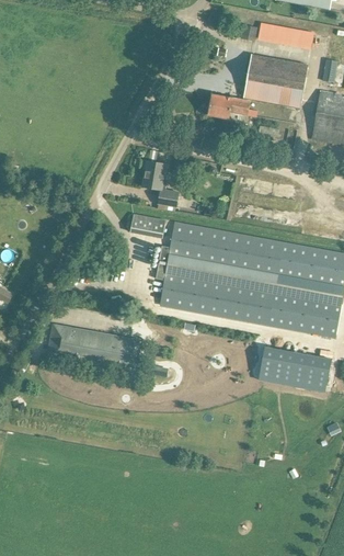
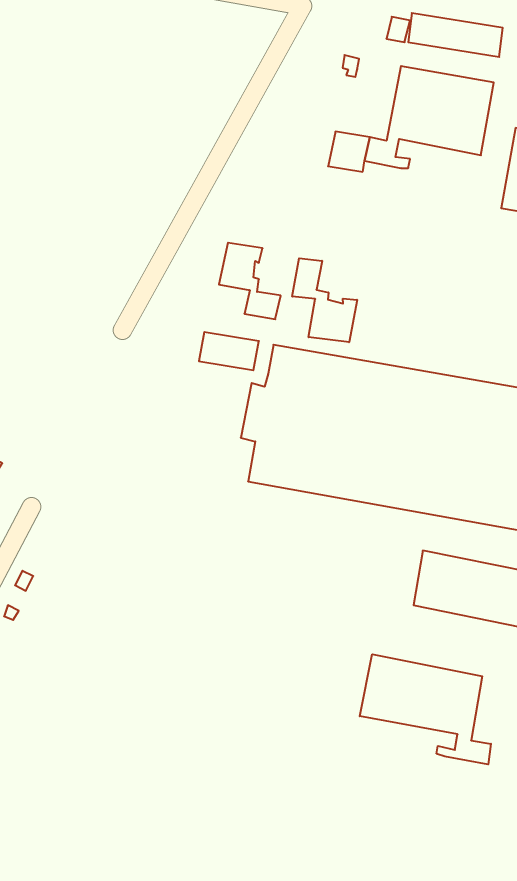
building: none -> [292,258,357,342]
building: [48,325,140,371] -> none
building: none -> [360,654,491,764]

